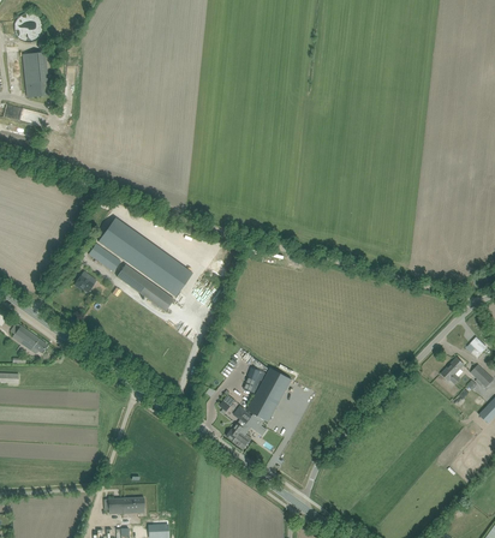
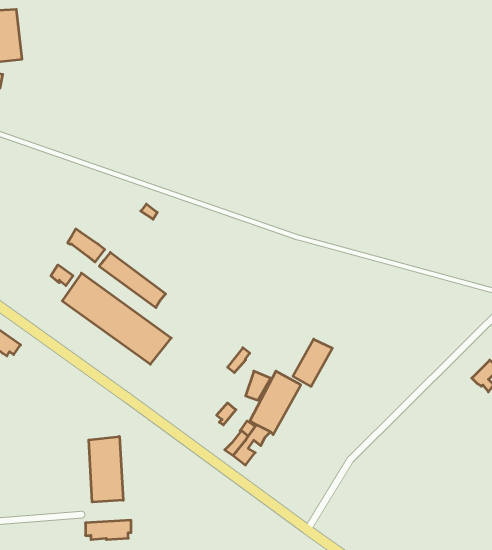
building: [99,216,193,295] -> [62,273,171,364]
building: none -> [293,339,332,386]
building: none -> [89,436,123,502]

